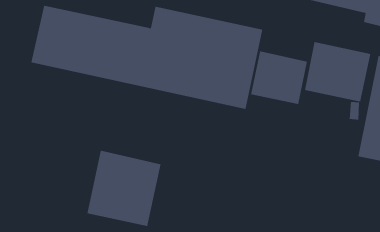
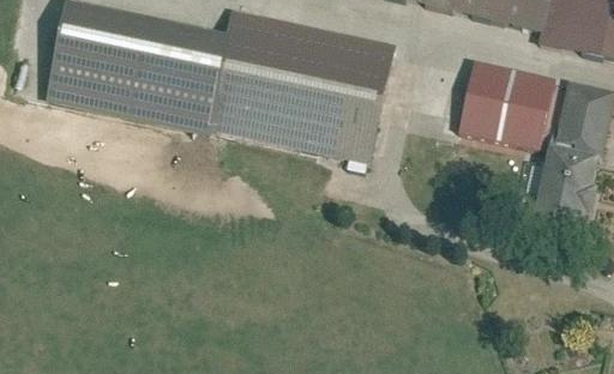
building: [251,51,308,105] -> none
building: [87,150,161,227] -> none

